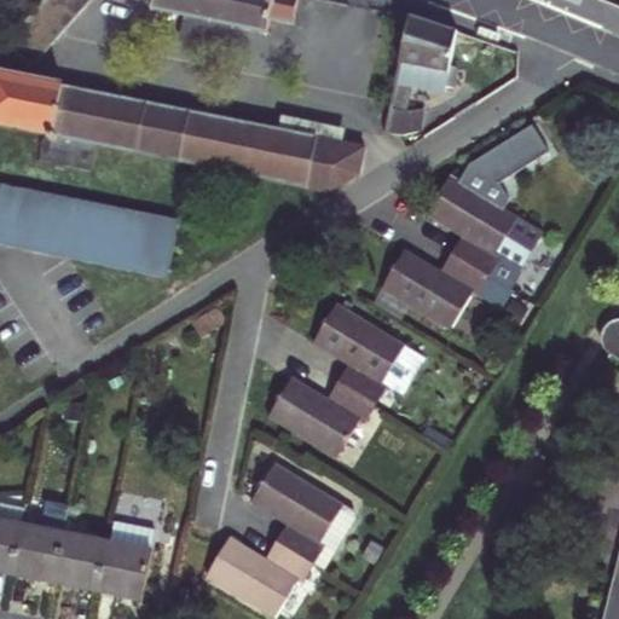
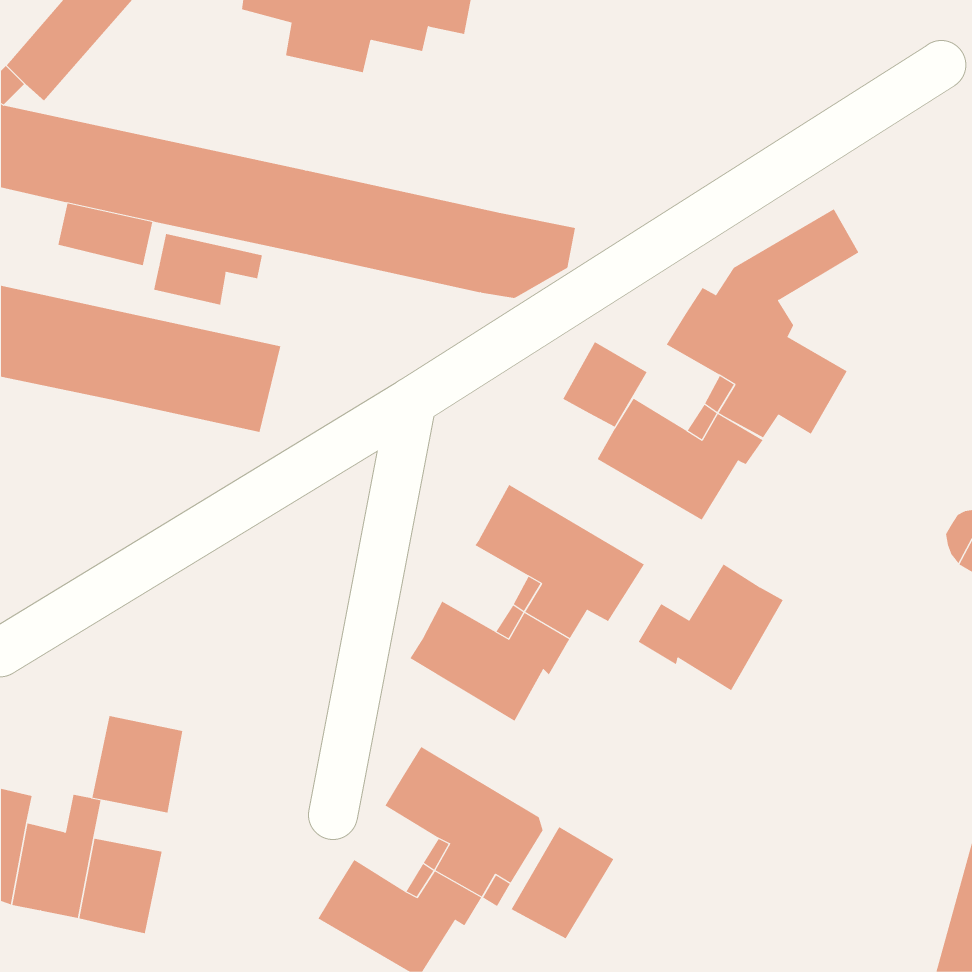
building: [388,15,461,133] -> none
building: none -> [154,233,263,306]
building: none -> [562,341,648,428]
building: none -> [638,563,783,691]
building: none -> [511,826,614,939]
building: [96,538,154,600] -> [91,716,183,813]

